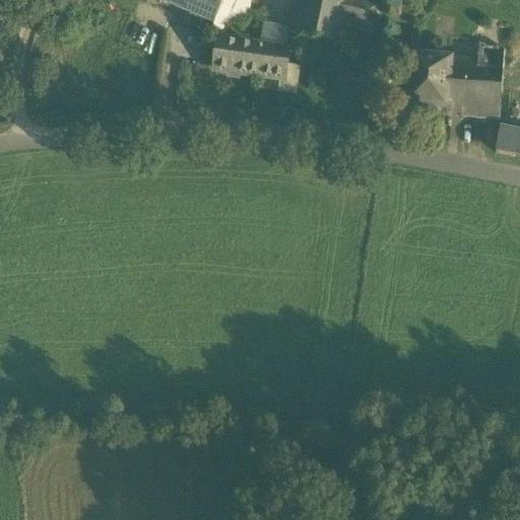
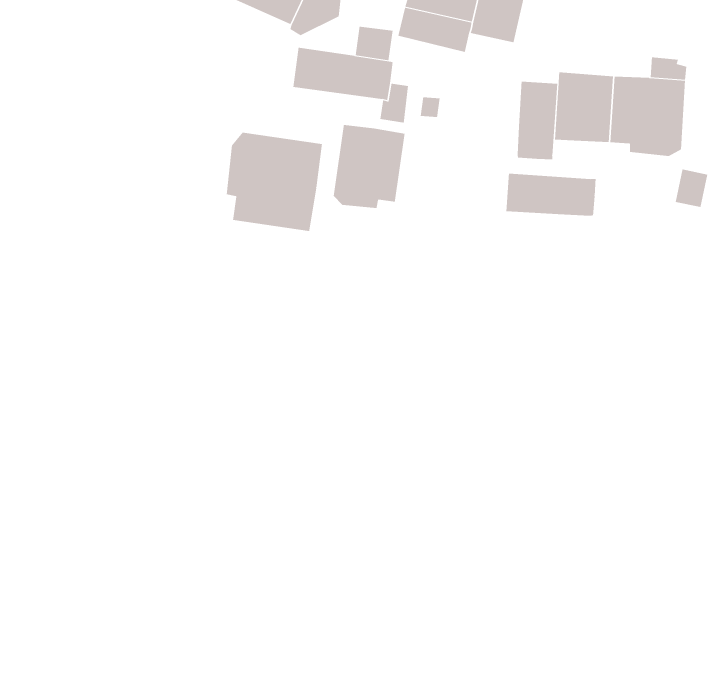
building: none -> [517,81,558,160]
building: none -> [333,124,405,209]
building: none -> [226,132,323,232]
building: none -> [506,173,596,216]

